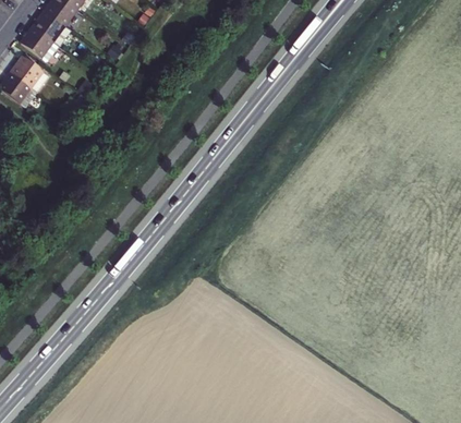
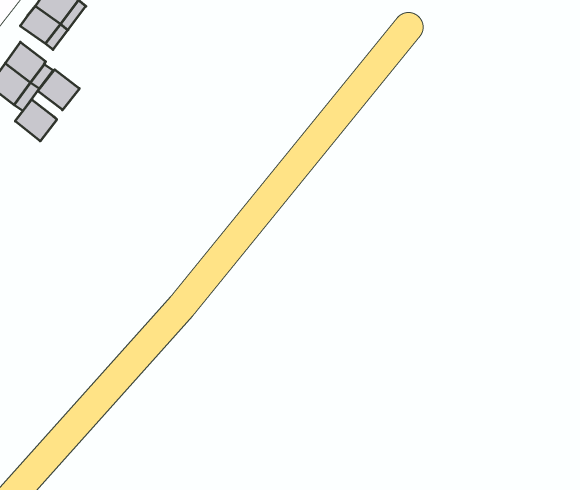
building: none -> [38,70,79,110]
building: none -> [15,100,57,141]

